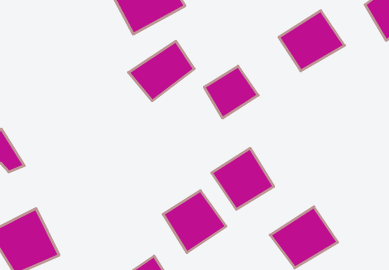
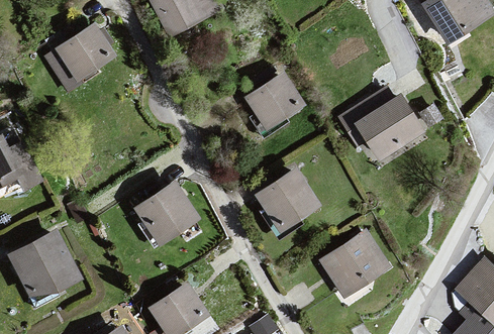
building: [279,11,345,71] -> [354,94,426,160]
building: [128,41,194,101] -> [41,25,114,91]
building: [163,191,226,253] -> [131,179,201,247]

